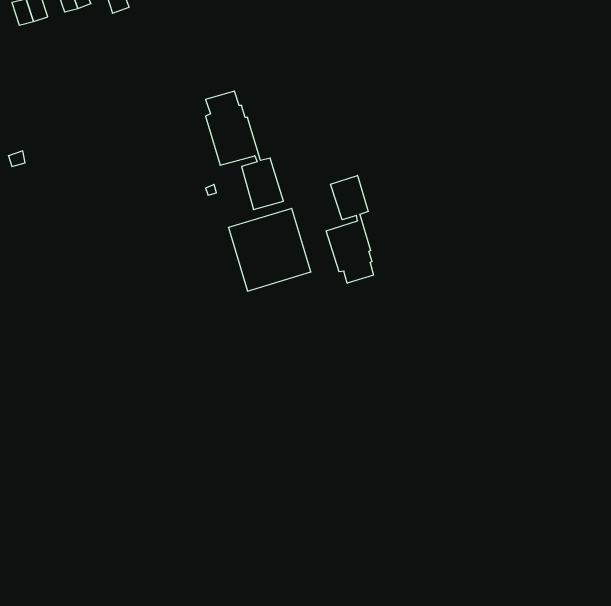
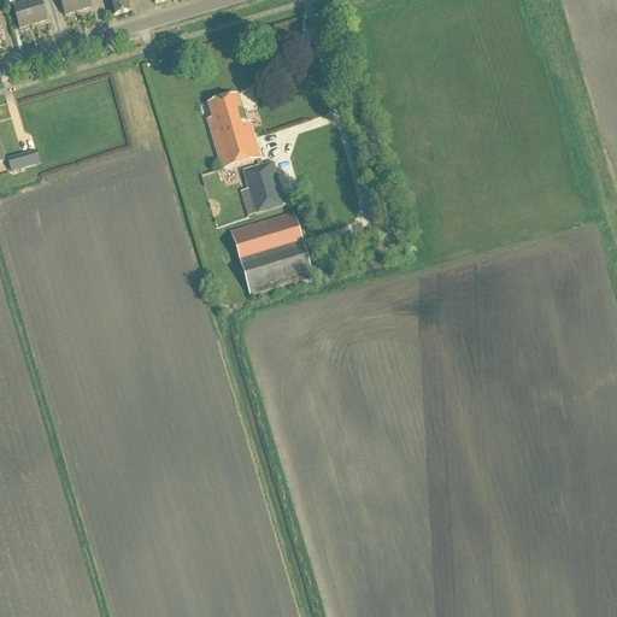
building: [326,175,373,283] -> none

